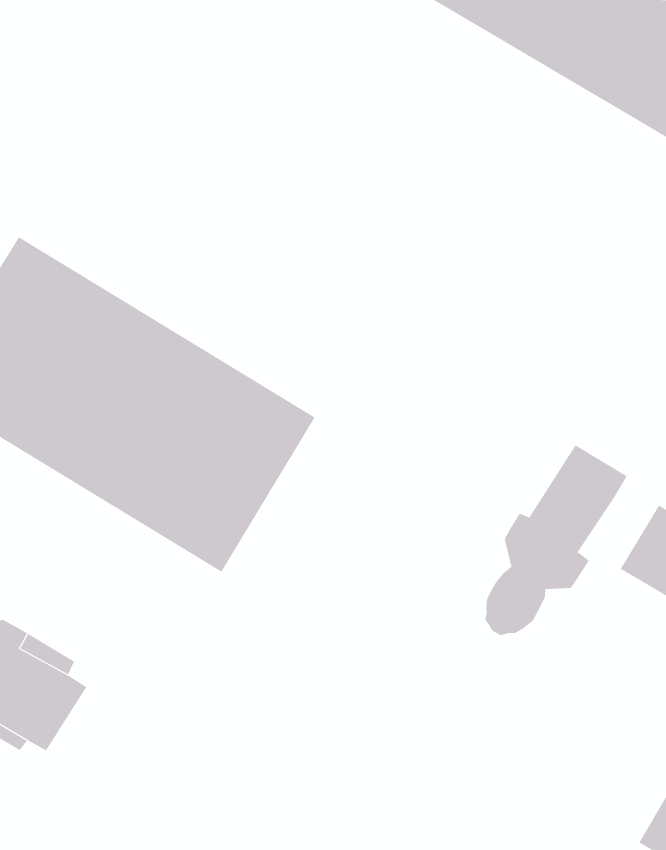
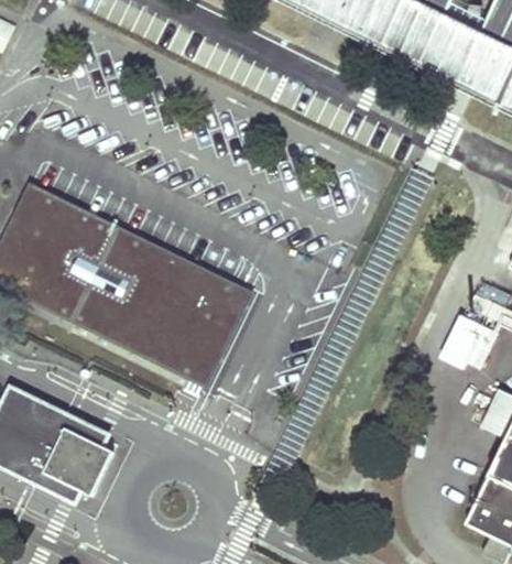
building: [485,445,627,636] -> none

